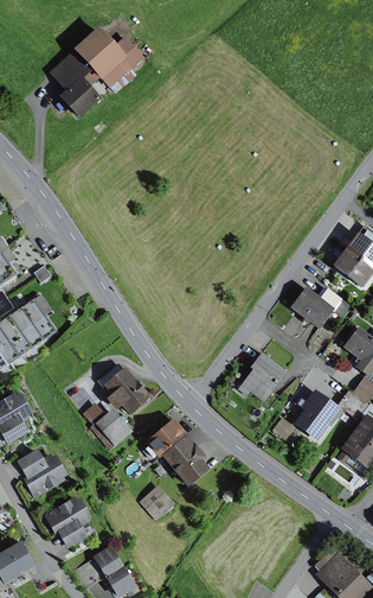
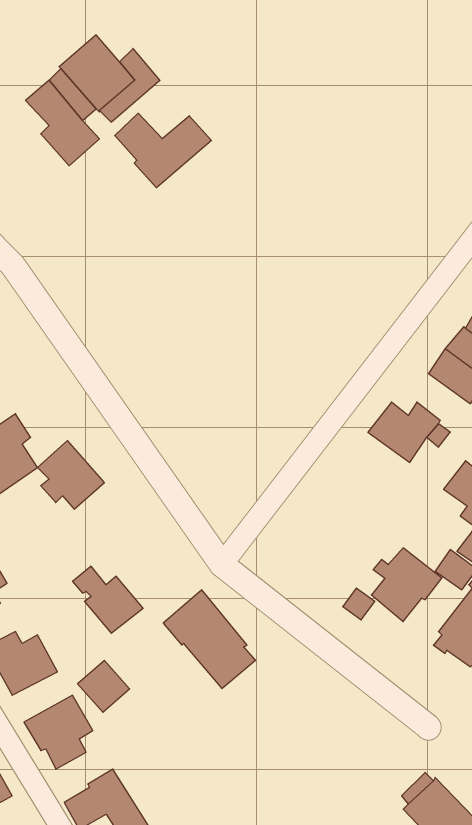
building: none -> [115,113,211,188]
building: [237,352,285,402] -> none
building: [102,367,149,415] -> [37,441,104,509]
building: [137,484,174,521] -> [78,660,130,712]

